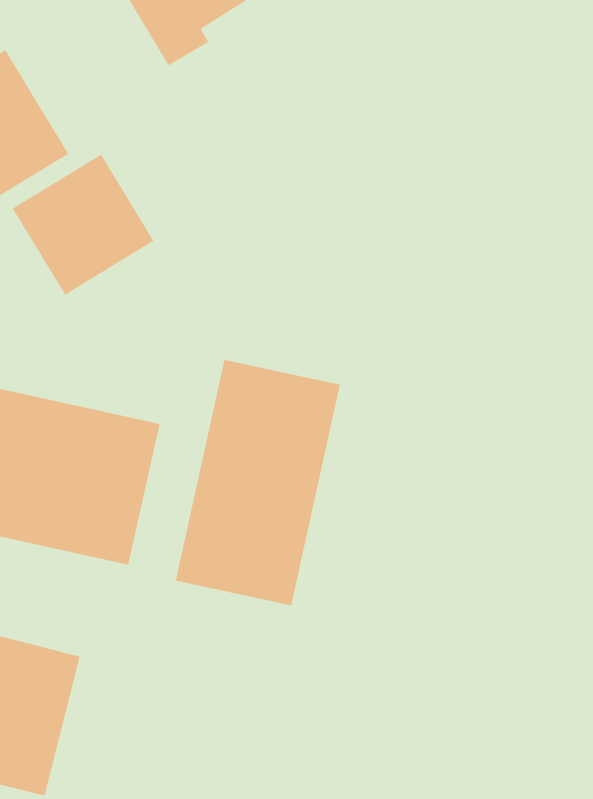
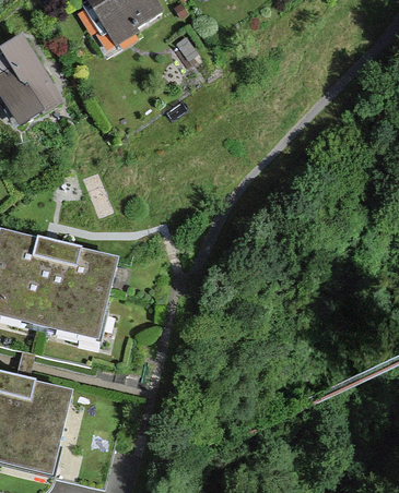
building: [12,154,154,296] -> none
building: [175,359,341,606] -> none

